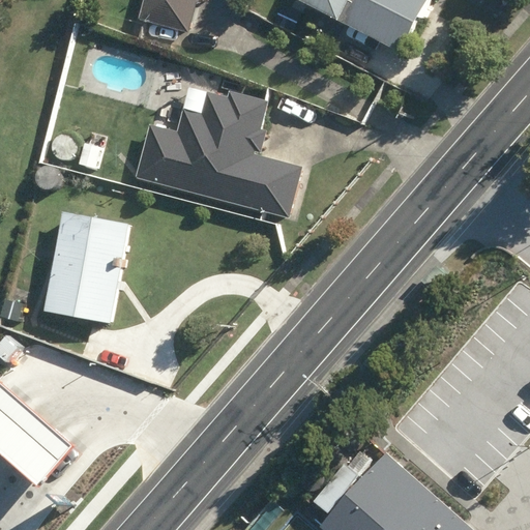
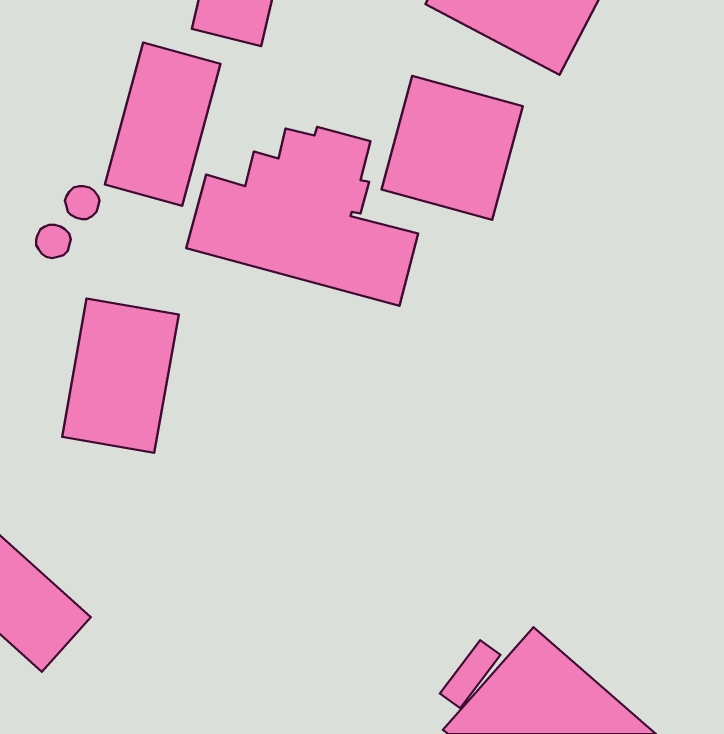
building: none -> [105,42,221,206]
building: none -> [381,76,523,220]

